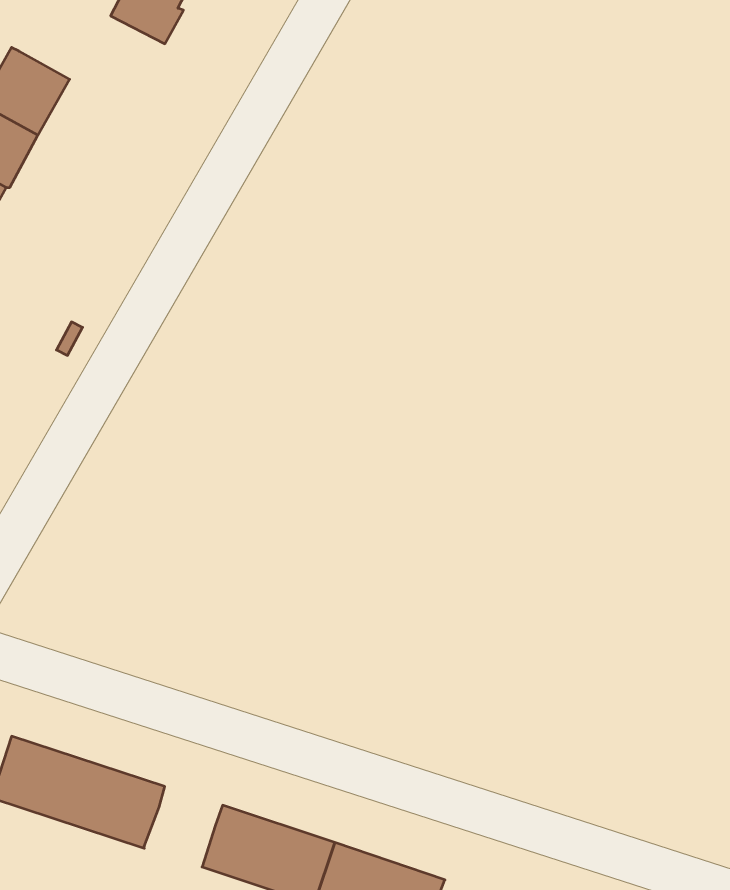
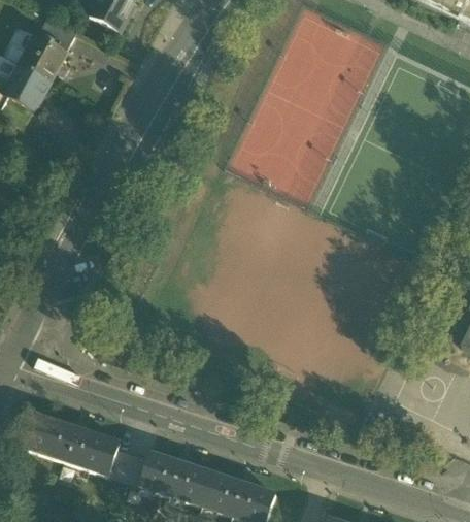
building: none -> [39,15,76,48]
building: none -> [108,451,147,484]

